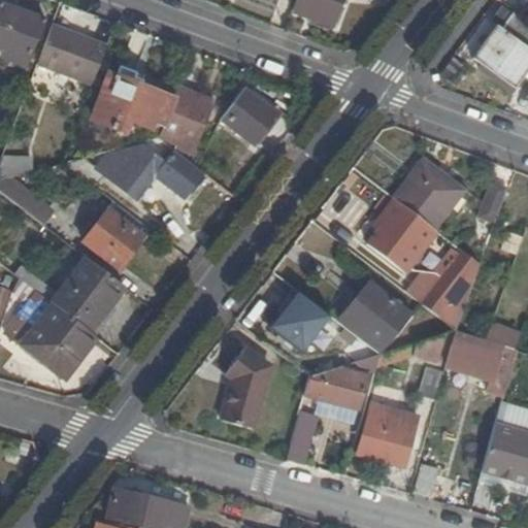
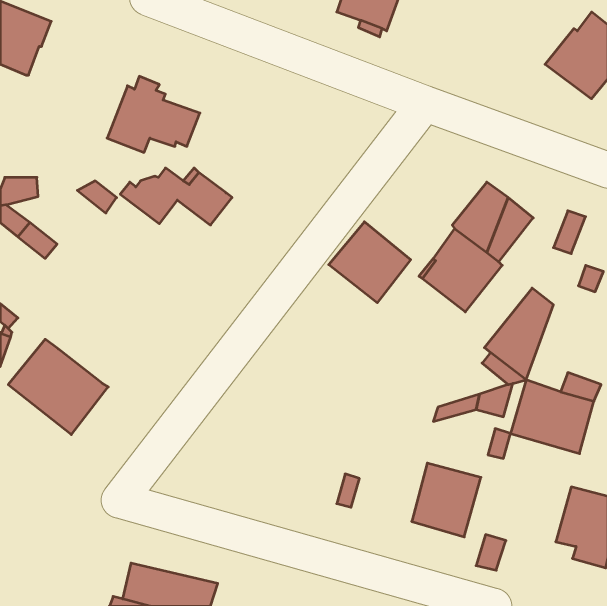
building: [38,24,108,84] -> none
building: [163,86,217,154] -> none
building: [222,93,277,142] -> none
building: [82,208,142,267] -> none
building: [52,258,125,332] -> none
building: [339,277,410,348] -> [329,222,411,303]
building: [270,290,330,351] -> none
building: [223,344,273,426] -> none
building: [305,365,368,406] -> none

